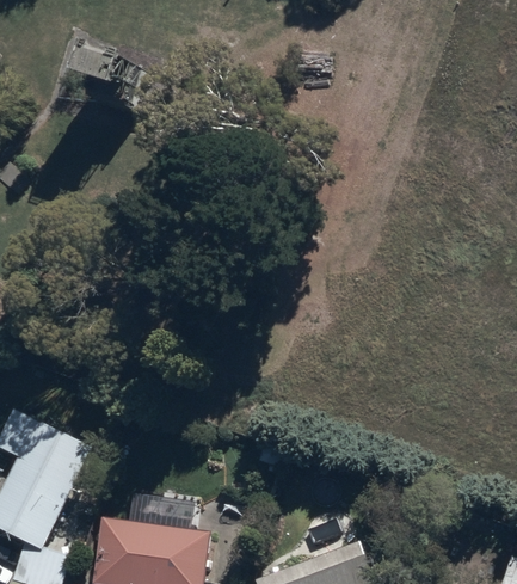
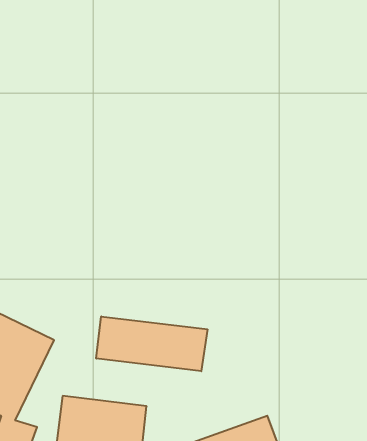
building: none -> [96,316,207,371]

